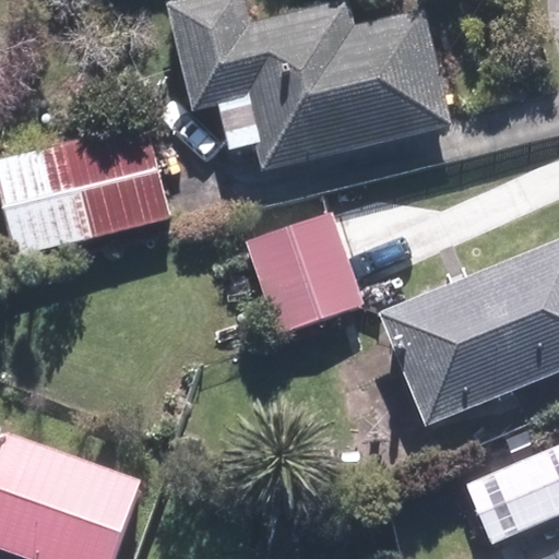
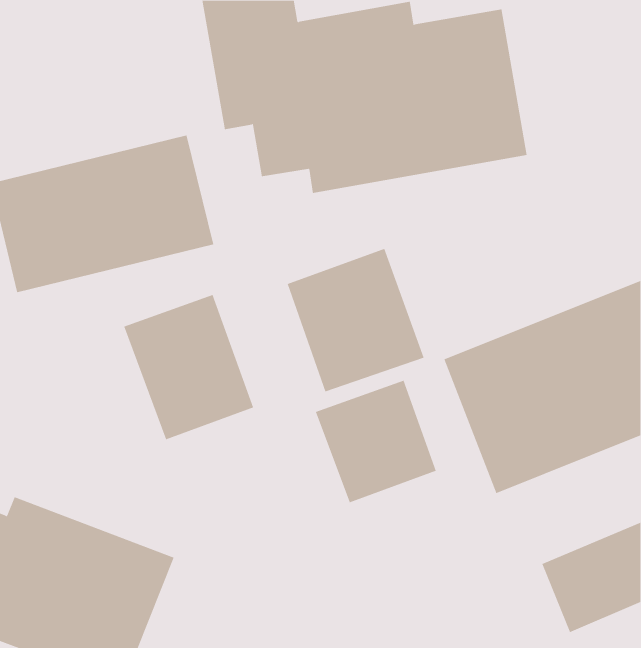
building: none -> [124,294,254,440]
building: none -> [315,380,437,503]

